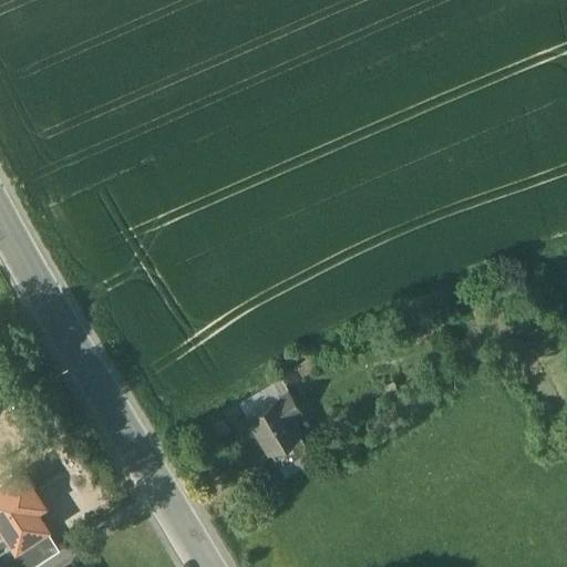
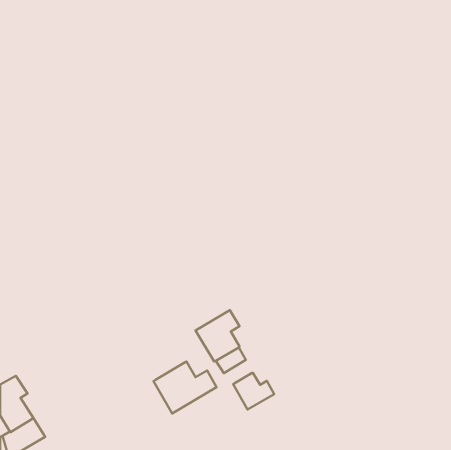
building: none -> [154,362,217,413]
building: none -> [233,373,274,410]

